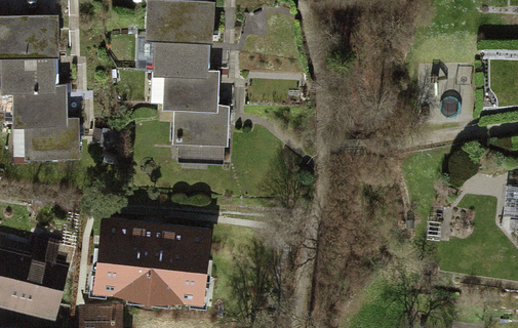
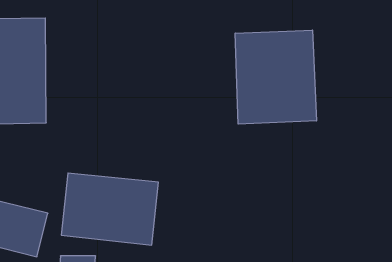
building: [158,8,224,168] -> none
building: none -> [235,30,316,124]

